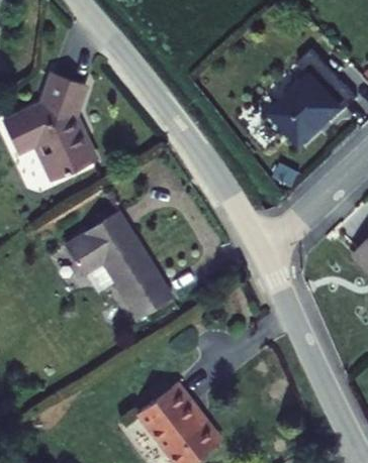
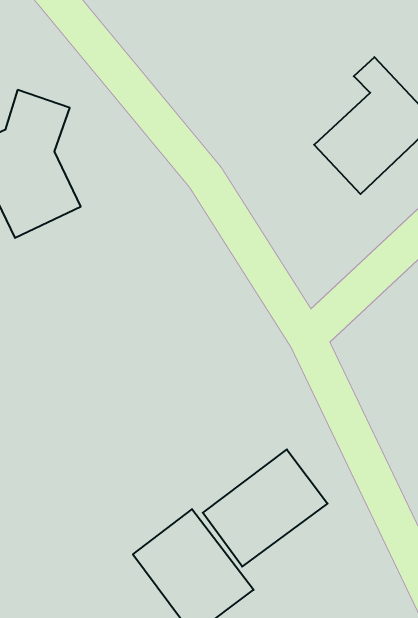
building: [64,210,173,319] -> none
building: none -> [203,449,328,567]

